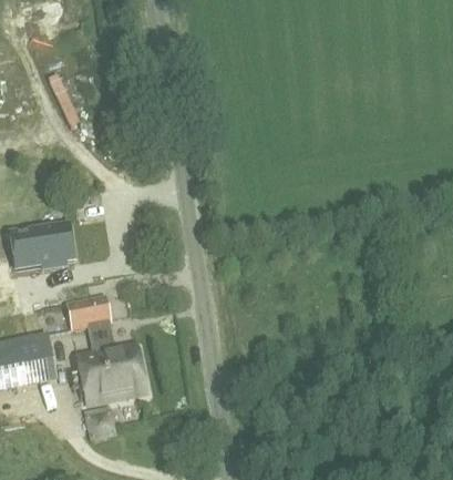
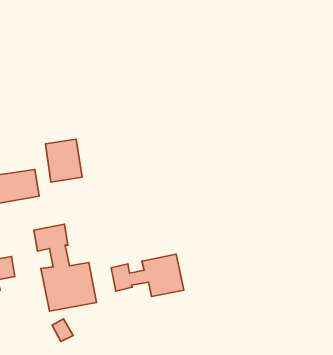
building: none -> [45,139,82,182]
building: none -> [111,254,184,297]

